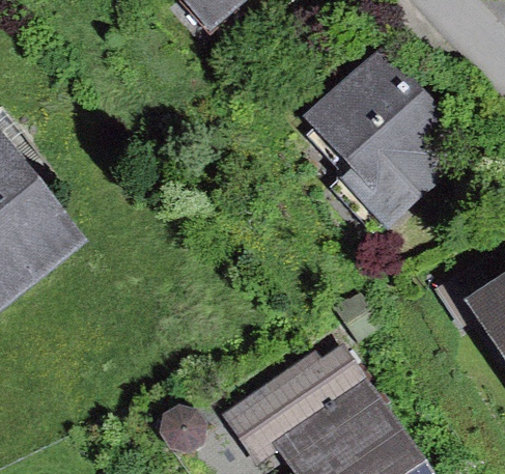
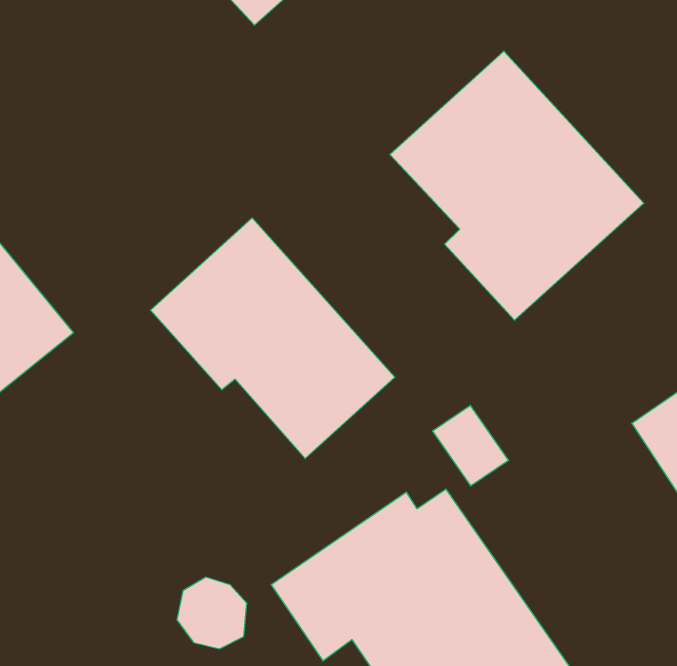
building: none -> [150,218,395,459]

